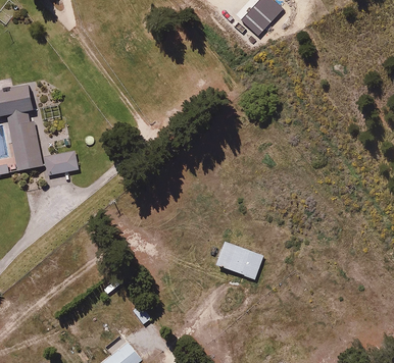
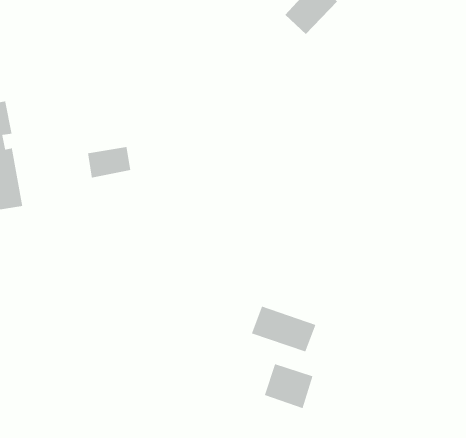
building: [44,150,78,174] -> [87,146,131,178]
building: none -> [264,363,314,409]

